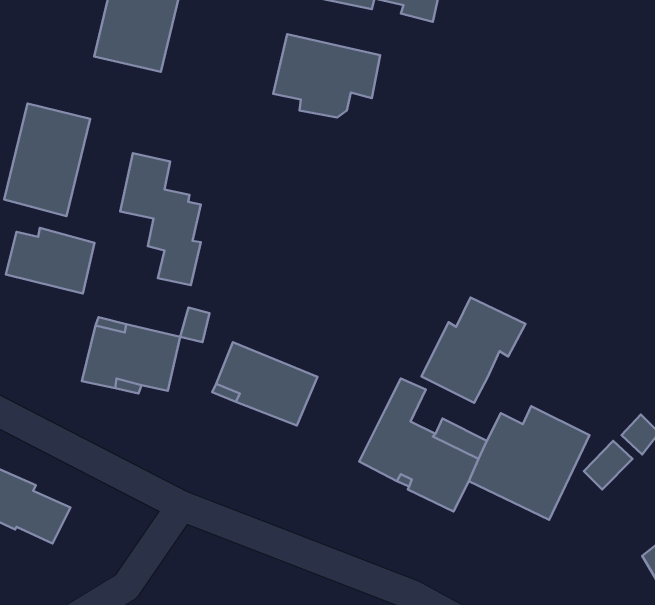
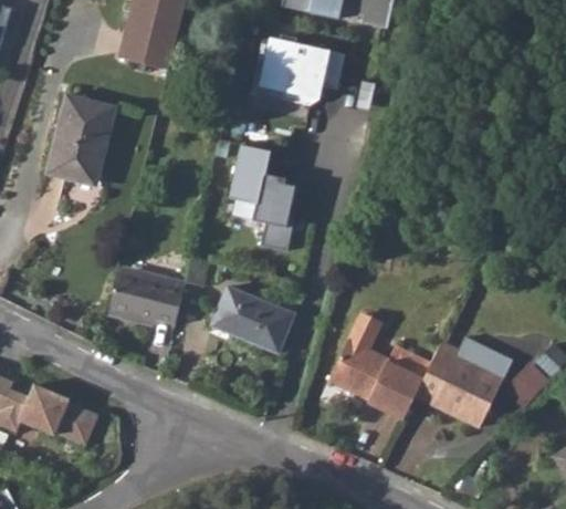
building: [120,153,201,285] -> [231,145,295,250]
building: [6,228,95,293] -> none
building: [421,298,526,403] -> none

